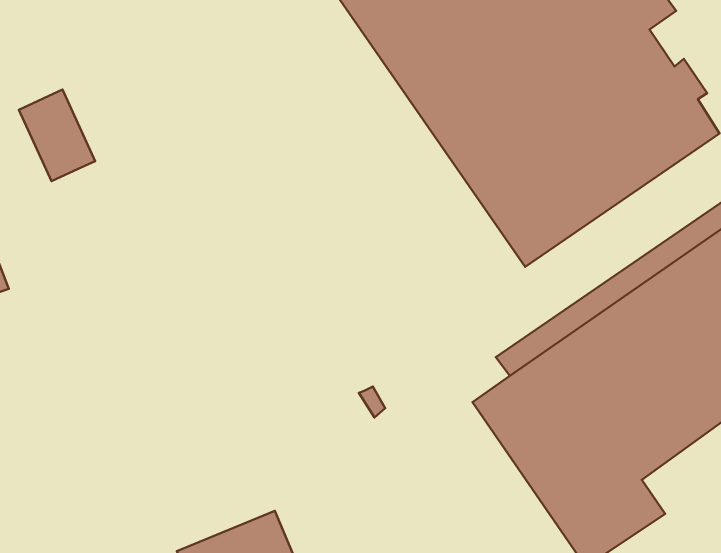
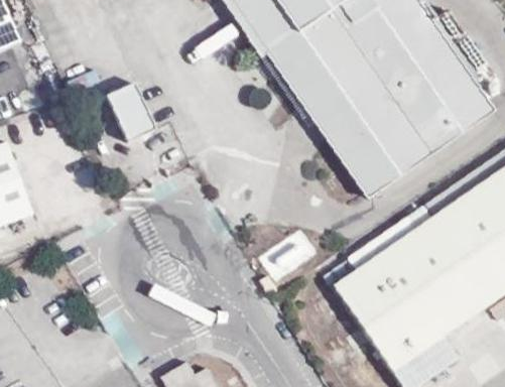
building: [19,90,95,181] -> [105,84,154,143]

